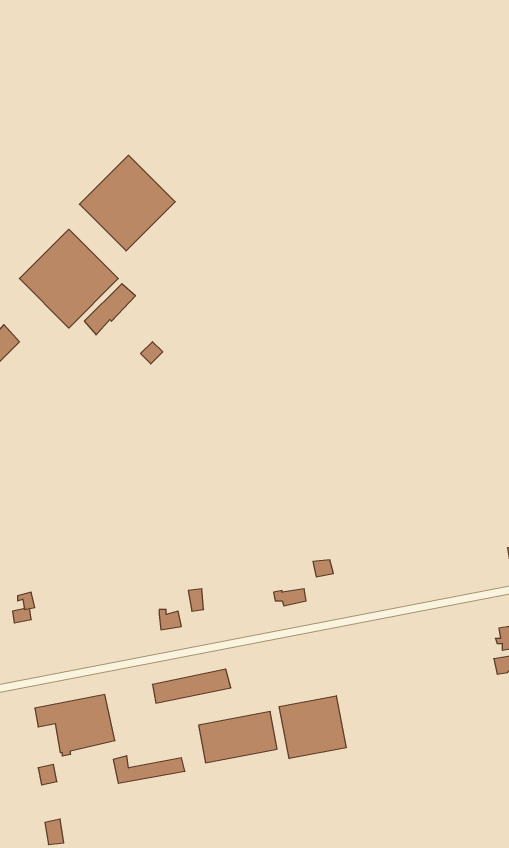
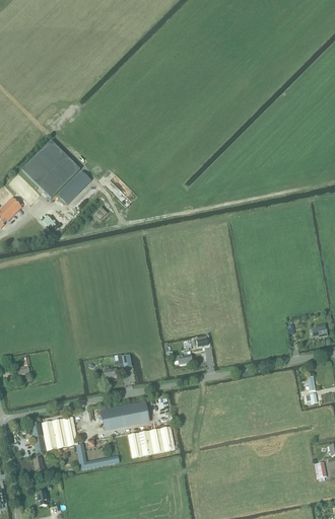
building: [79,155,175,251] -> none
building: [279,696,346,759] -> none

